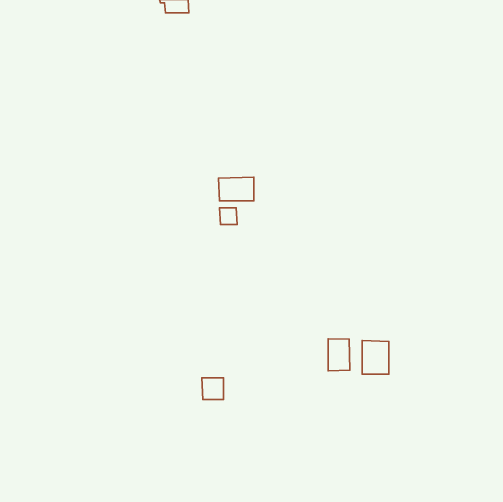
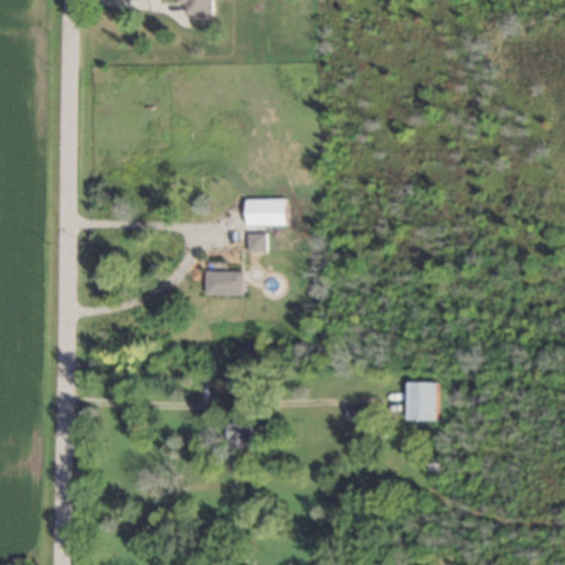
building: none -> [205,270,243,295]
building: [328,339,350,371] -> none

